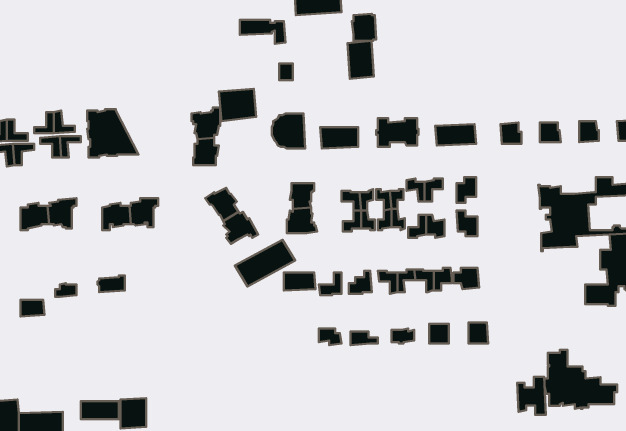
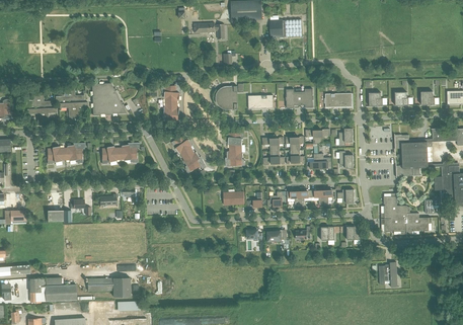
building: [348,41,374,79] -> none
building: [219,89,256,121] -> none
building: [235,240,295,287] -> none
building: [545,350,617,409] -> [381,194,430,234]

